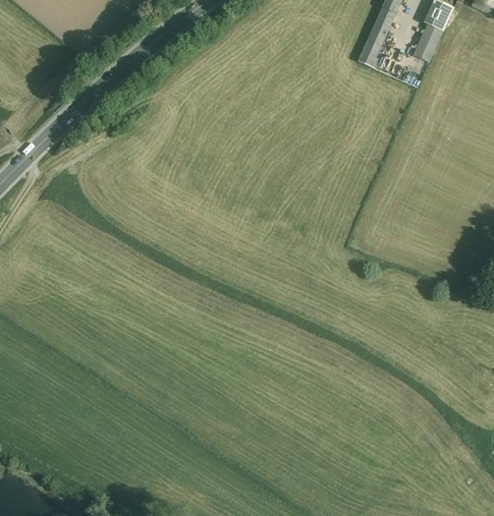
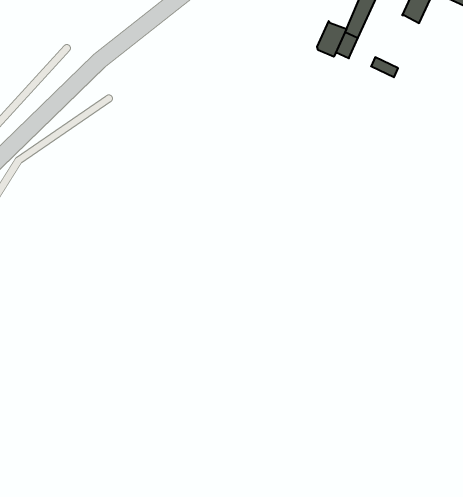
building: [413,22,442,61] -> none
building: none -> [317,21,346,57]

